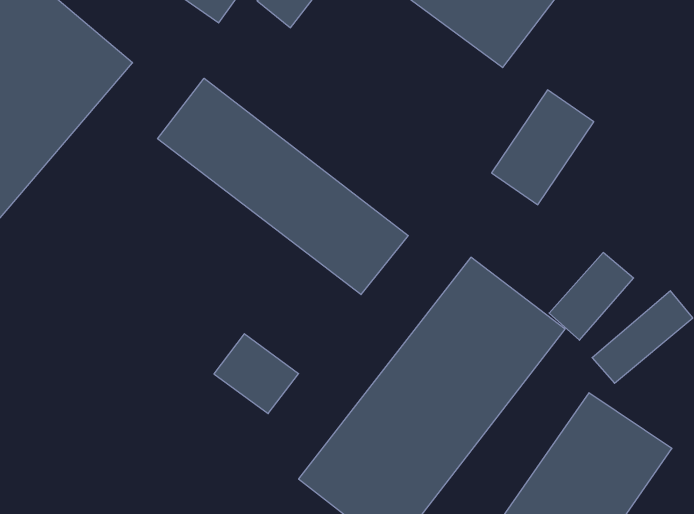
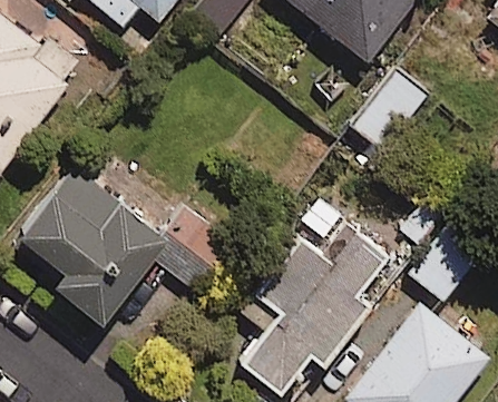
building: [158,78,408,295] -> none
building: none -> [18,159,180,320]

